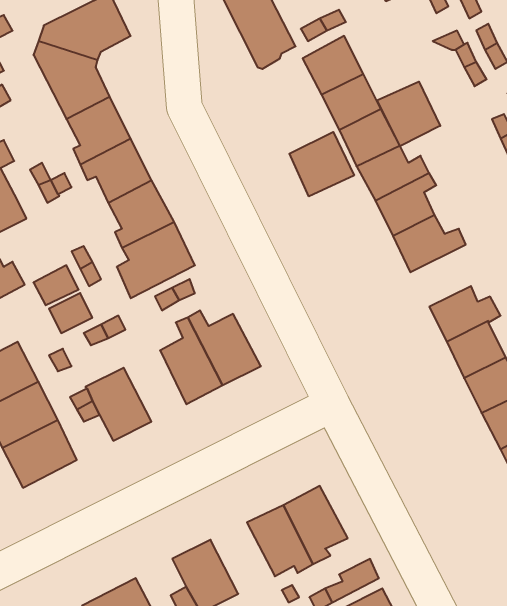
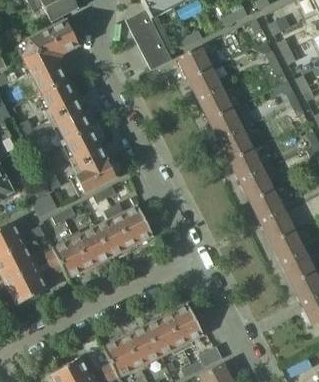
building: [377,82,440,146] -> none
building: [289,132,354,196] -> none
building: none -> [240,166,277,202]
building: none -> [75,227,111,268]
building: none -> [125,326,162,367]

